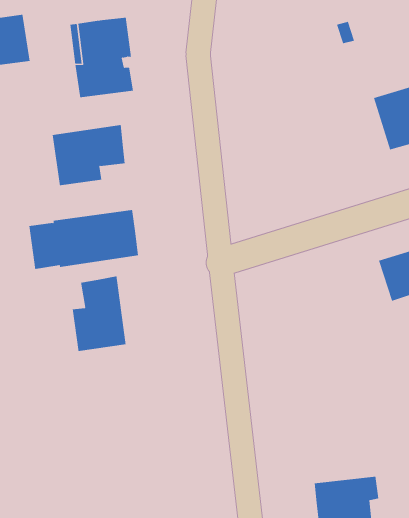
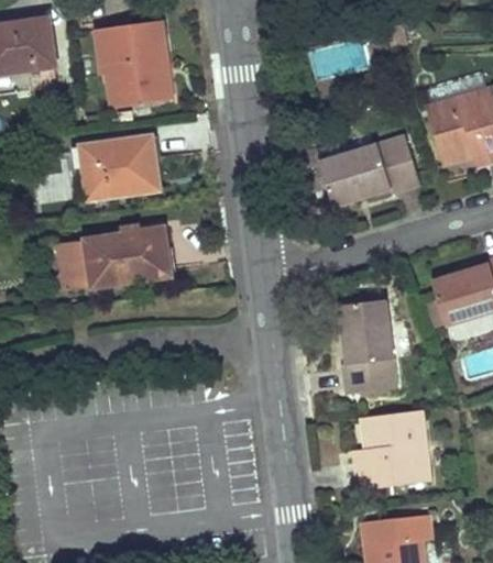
building: none -> [299,135,419,206]
building: [72,276,126,352] -> none
building: none -> [340,299,396,394]
building: none -> [353,409,429,489]

